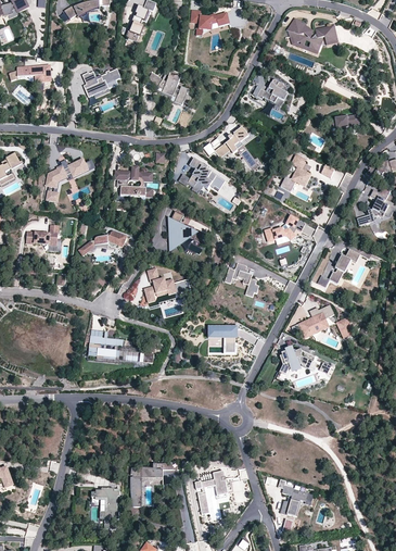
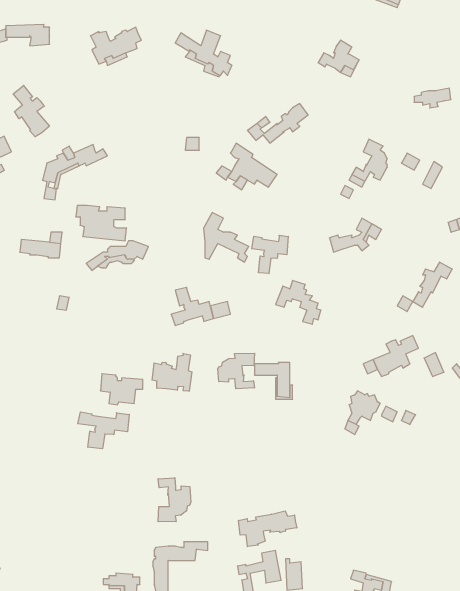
building: none -> [13,85,49,137]
building: [114,170,153,197] -> [76,205,127,241]
building: none -> [252,235,288,274]
building: none -> [218,353,254,389]
building: none -> [152,353,192,391]
building: none -> [78,412,129,449]
building: none -> [158,478,191,522]
building: none -> [239,511,297,547]

